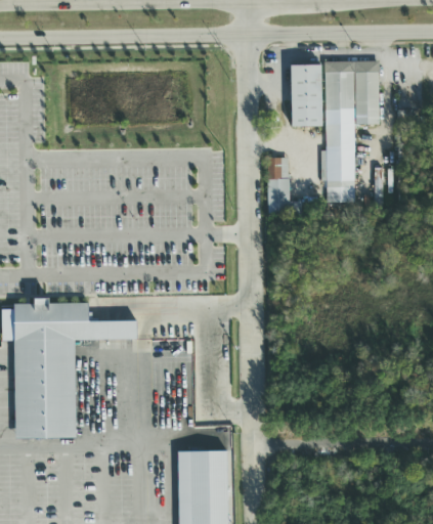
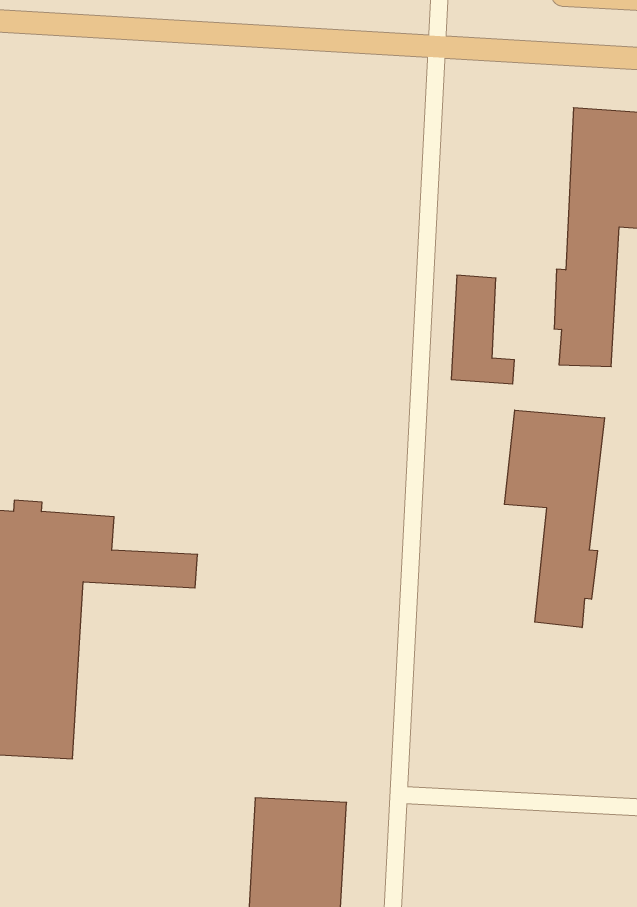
building: [291,64,322,127] -> none
building: none -> [504,410,605,628]

